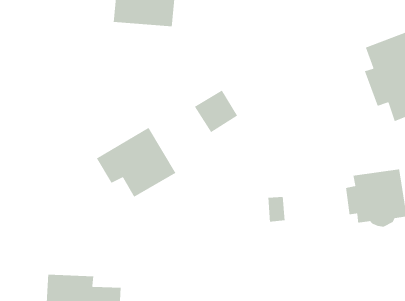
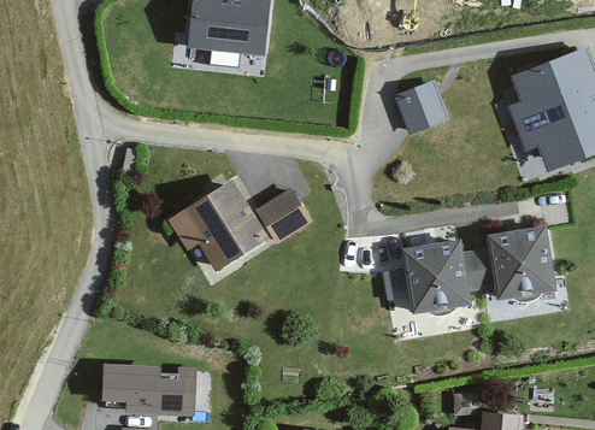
building: none -> [400,82,450,136]
building: [194,89,238,133] -> [257,188,313,243]
building: none -> [405,241,488,318]

